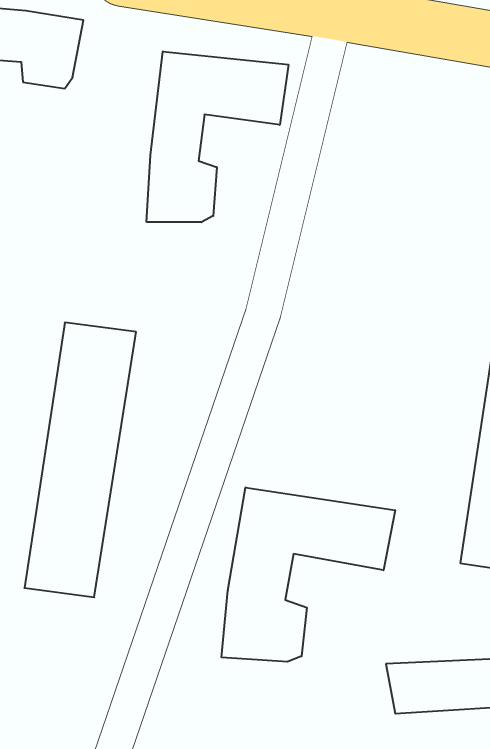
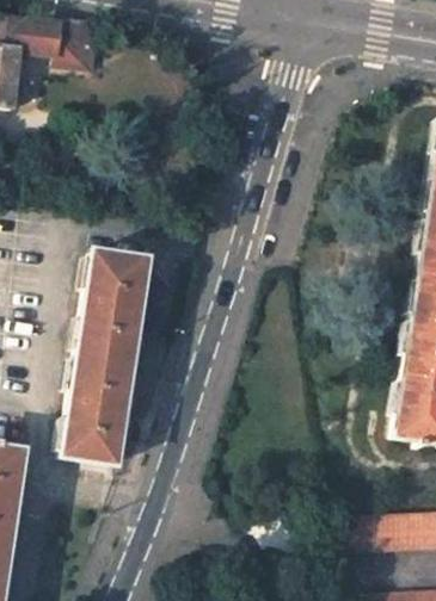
building: [147,51,288,222] -> none
building: [222,487,395,662] -> none

